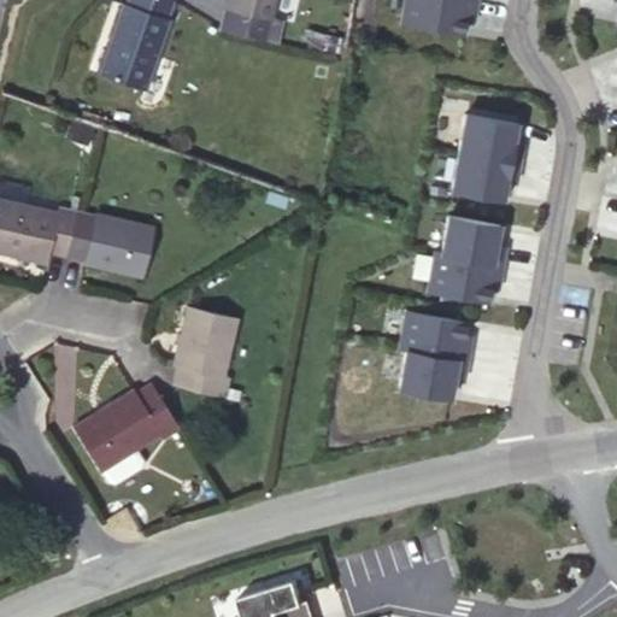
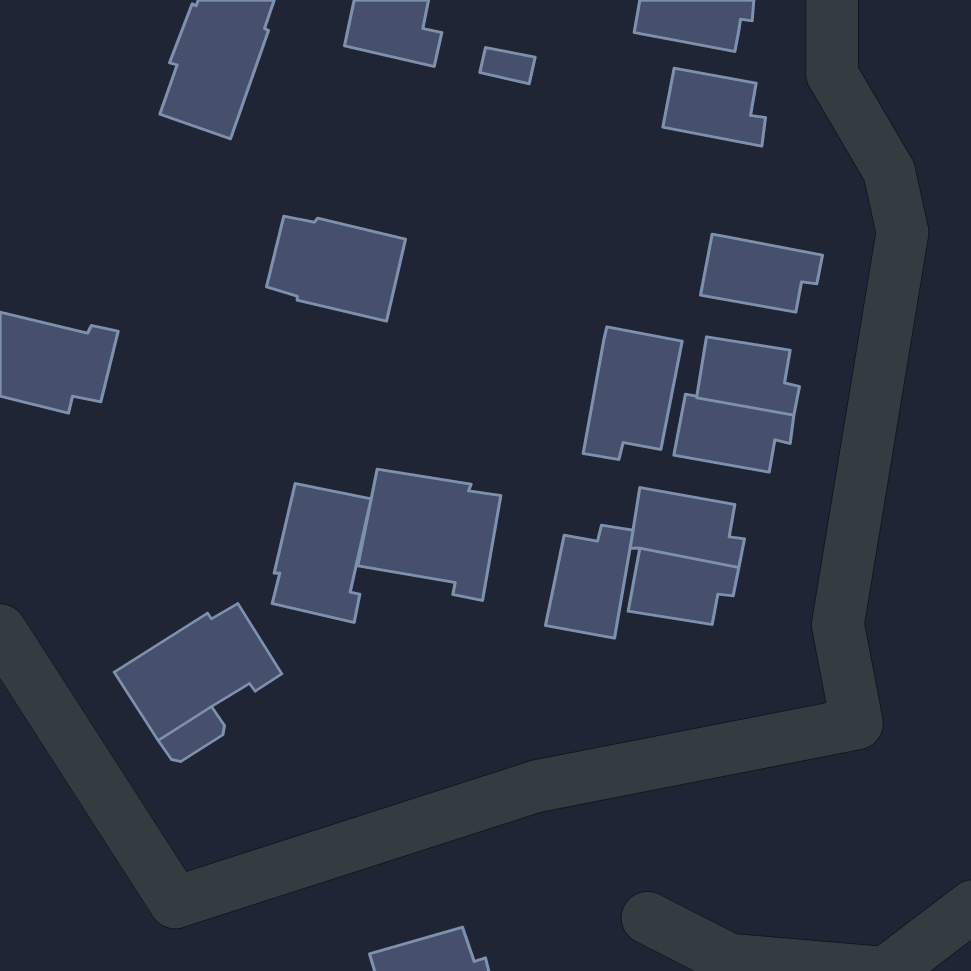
building: [459,113,524,163] -> [663,68,766,146]
building: none -> [583,327,682,460]
building: [65,211,153,277] -> [267,216,406,321]
building: none -> [358,469,501,600]
building: none -> [546,525,633,638]

